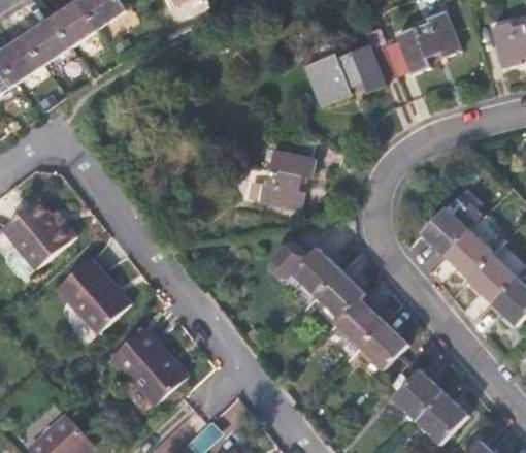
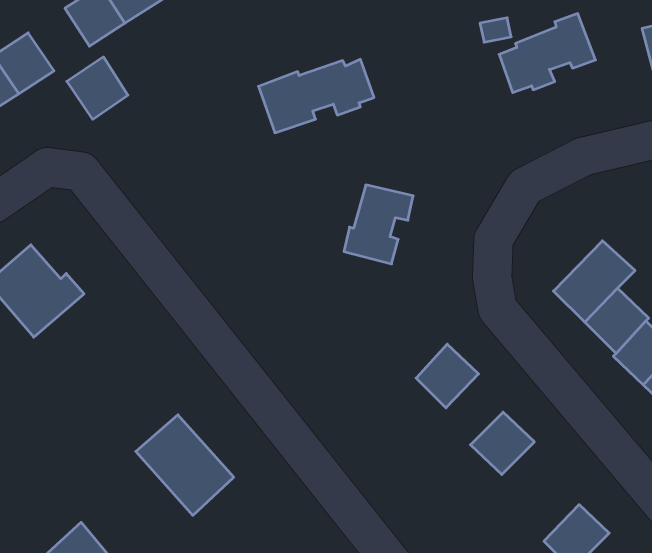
building: [26,17,72,64] -> [67,57,128,119]
building: [305,52,393,107] -> [258,59,374,133]
building: [274,247,343,297] -> none
building: [52,255,126,330] -> none
building: [337,299,386,348] -> none
building: [392,369,443,421] -> none

